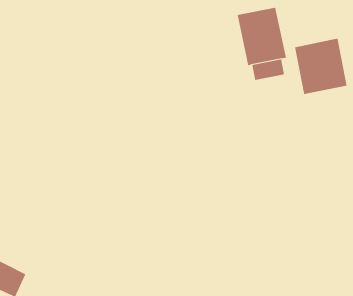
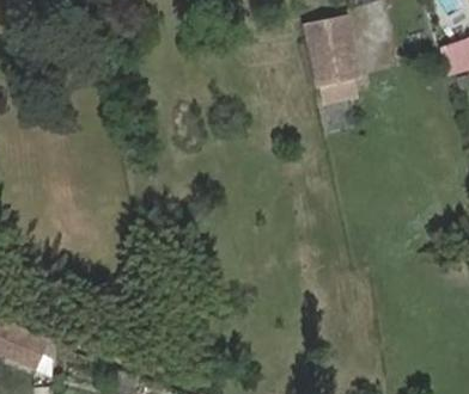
building: [295,38,347,95] -> none

